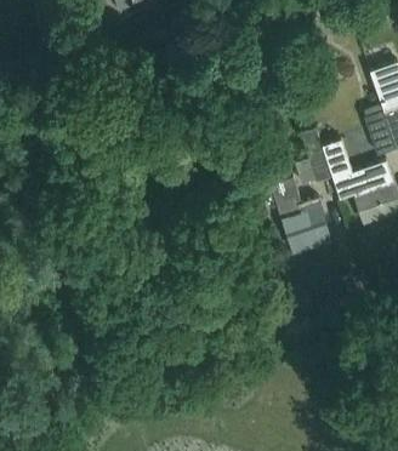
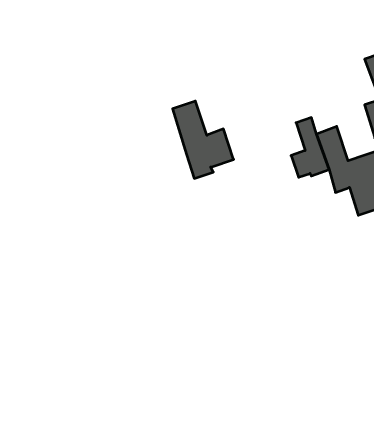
building: [271,178,329,252] -> [173,101,234,178]

